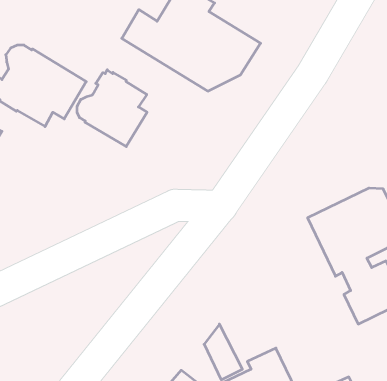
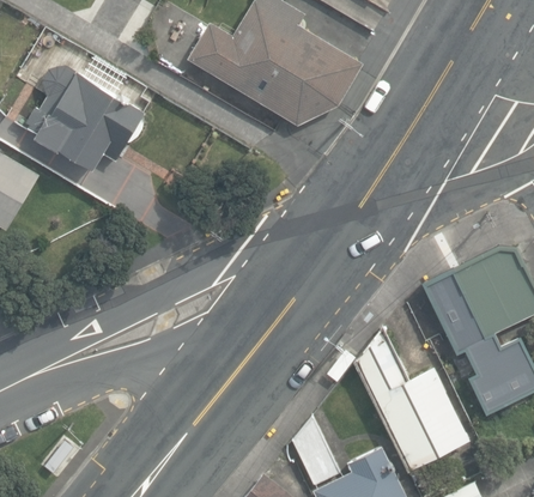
building: [77,70,147,147] -> none
building: none -> [353,327,468,469]

